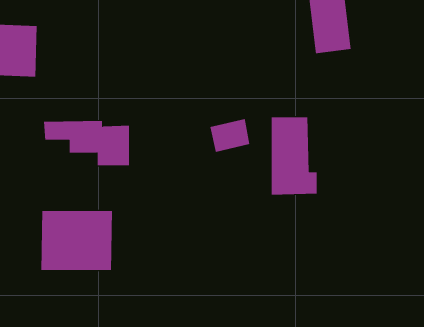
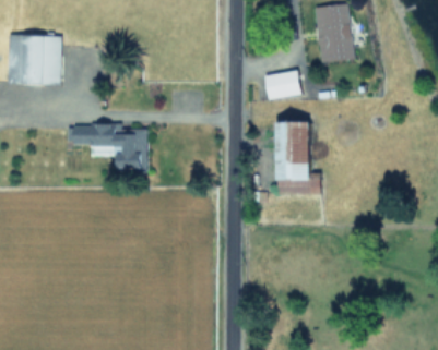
building: [209,119,250,152] -> [263,69,301,100]
building: [41,210,112,271] -> none

